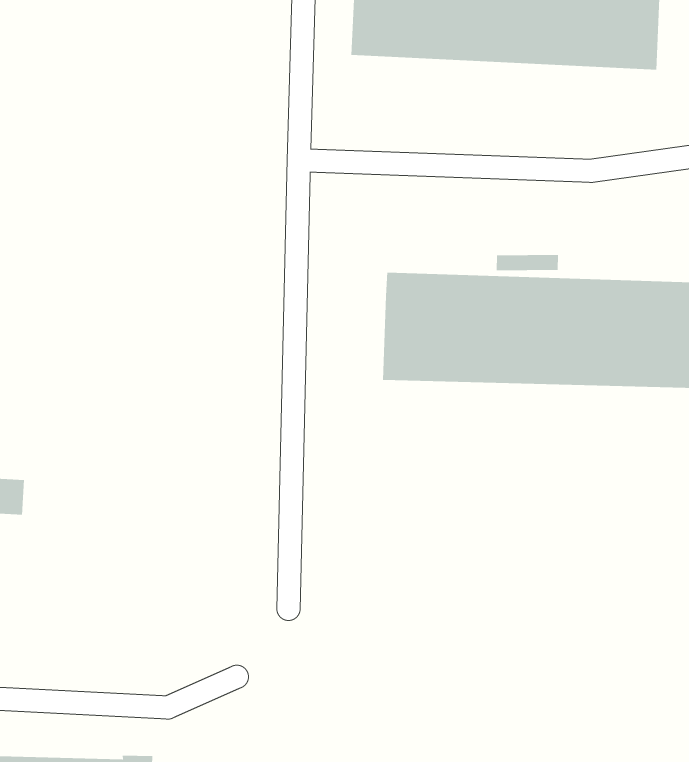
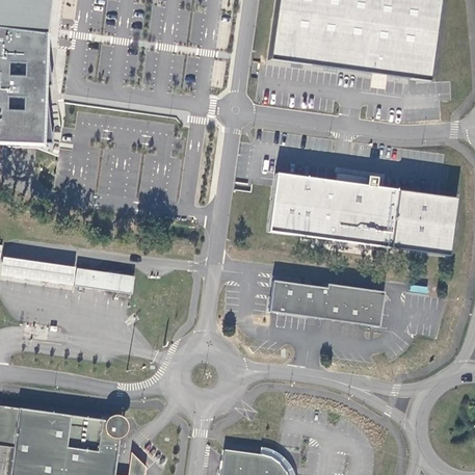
building: none -> [269,280,386,326]
building: none -> [72,265,132,293]

